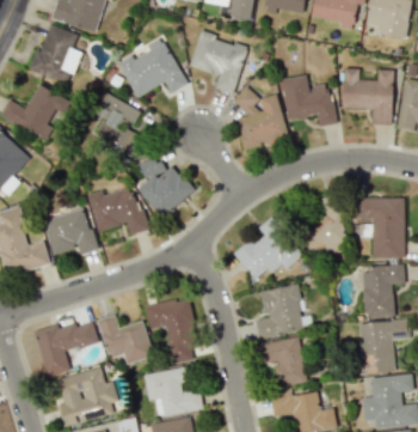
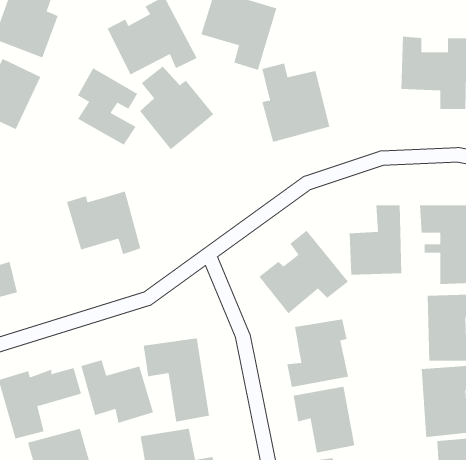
building: [283,75,337,127] -> none
building: [137,154,195,219] -> [139,66,214,150]
building: [44,209,97,255] -> none

